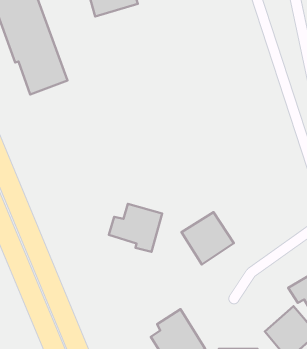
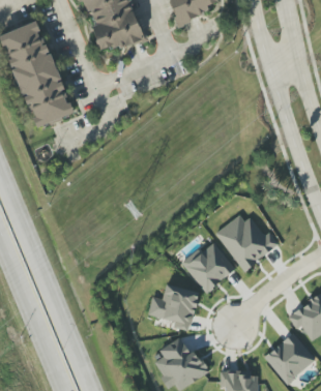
building: none -> [215,215,279,270]
building: [109,204,162,252] -> [147,283,199,330]

